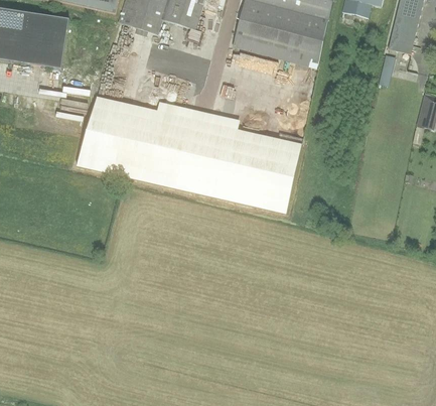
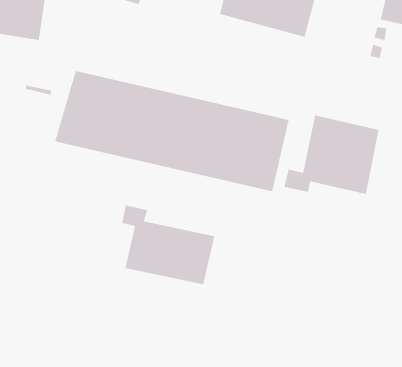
building: none -> [283,114,379,195]
building: none -> [121,204,215,285]

